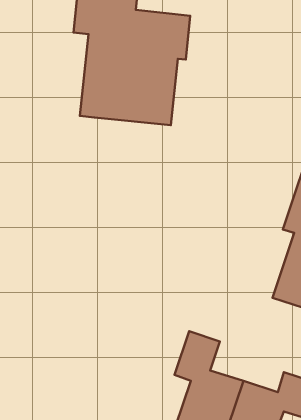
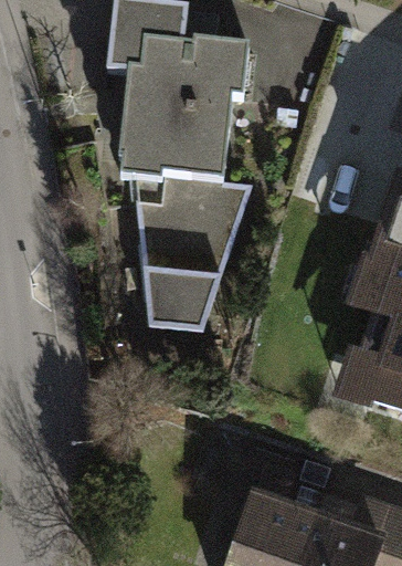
building: none -> [133,172,252,327]

